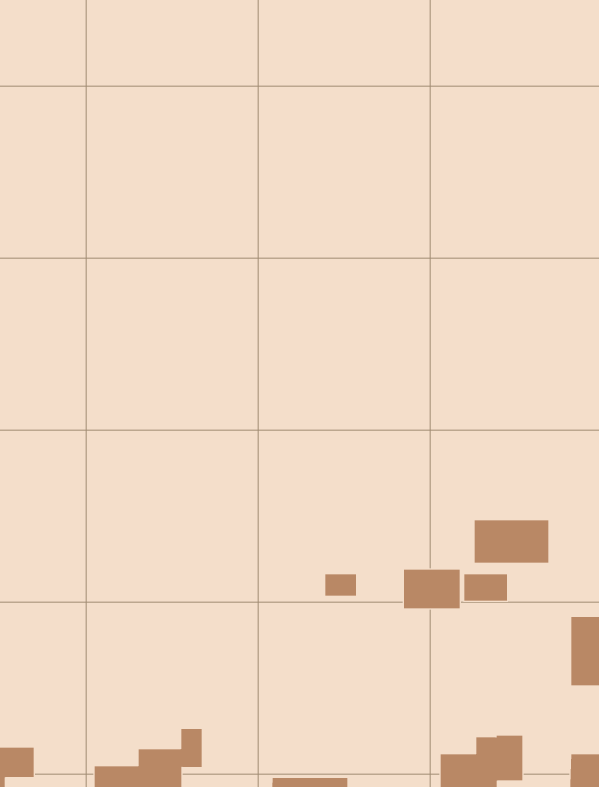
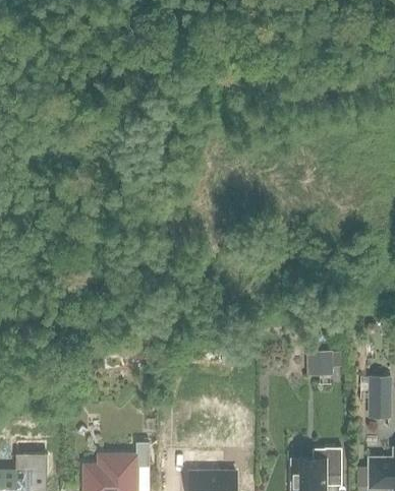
building: [474,520,549,564] -> none
building: [403,569,460,609] -> none

